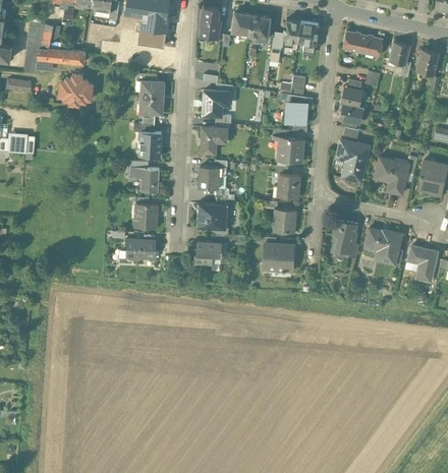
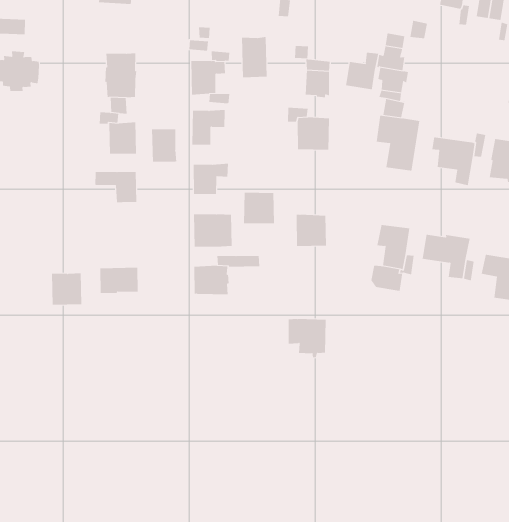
building: none -> [242,36,267,78]
building: none -> [346,52,379,90]
building: none -> [152,129,177,163]
building: [279,171,303,195] -> [243,192,275,224]
building: [134,203,158,228] -> [51,273,82,305]
building: [265,244,294,274] -> [288,319,326,358]

